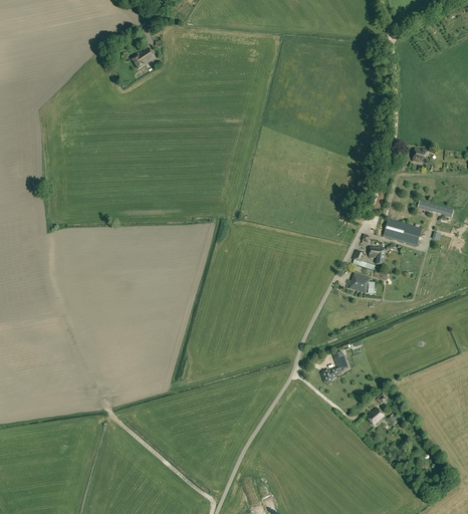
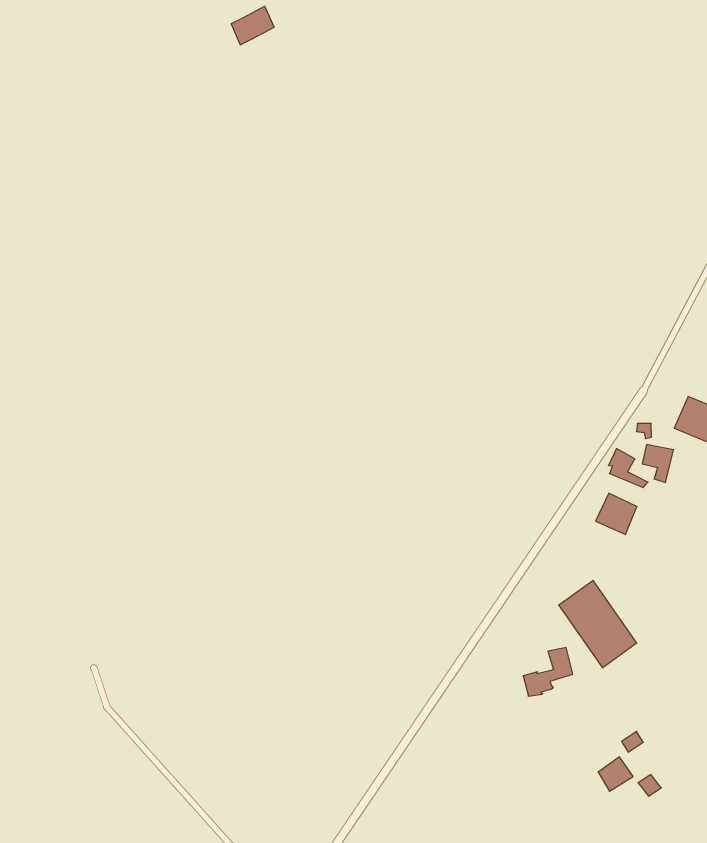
building: none -> [559,580,637,668]

